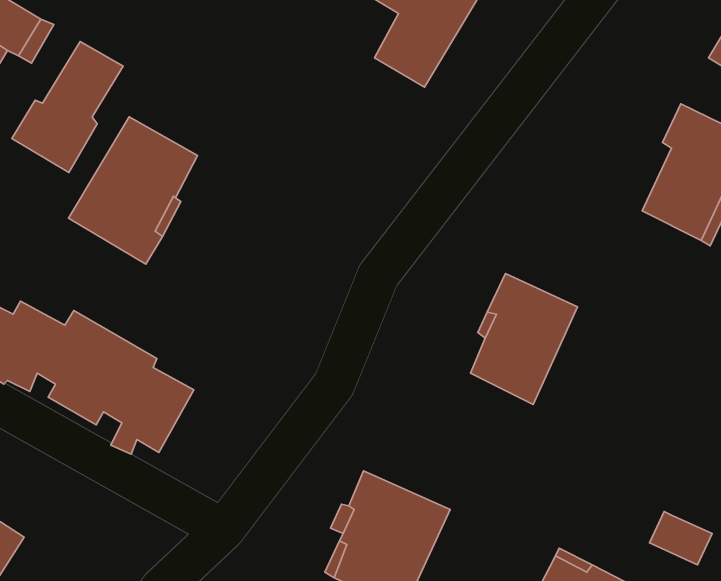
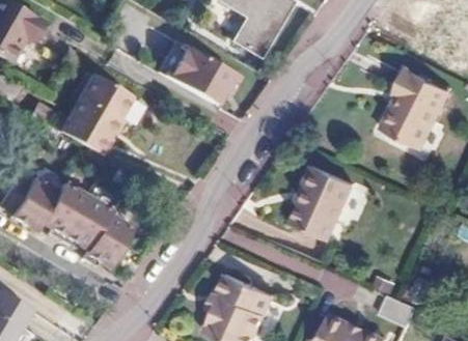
building: none -> [138,26,239,104]
building: [12,41,123,172] -> none

